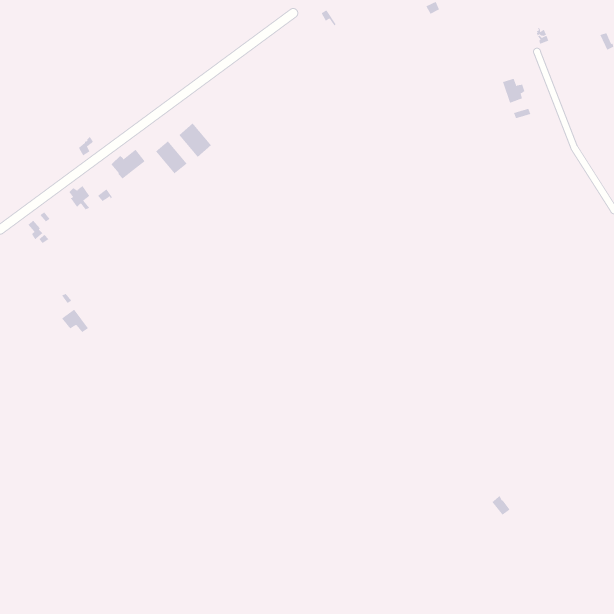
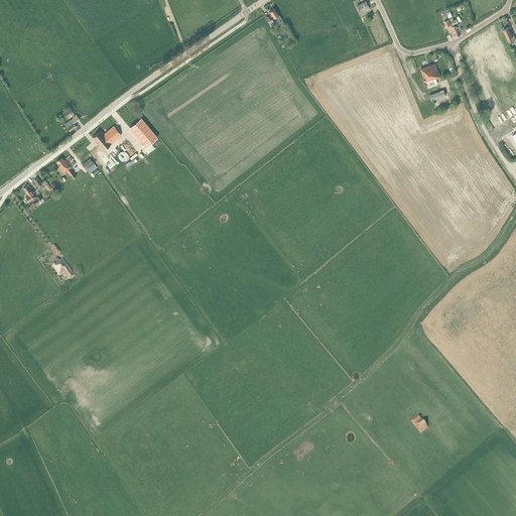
building: [178,122,212,158] -> none

